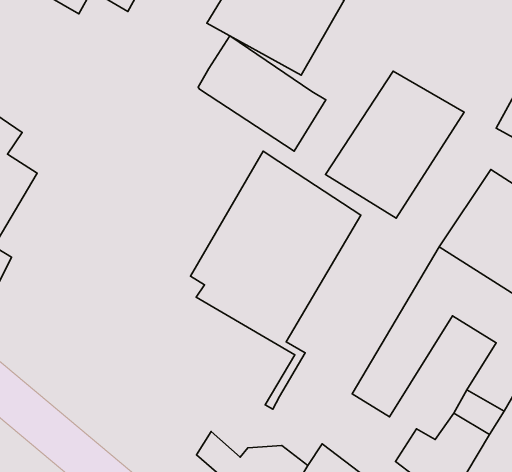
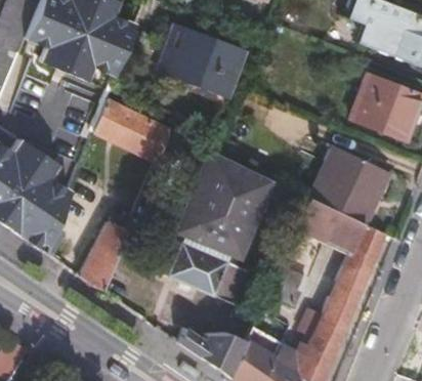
building: [198,36,326,151] -> [90,98,169,164]
building: [325,71,464,218] -> none
building: none -> [78,217,126,290]
building: none -> [162,243,241,303]

